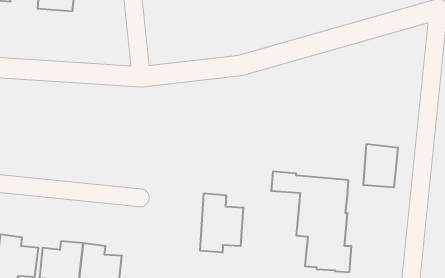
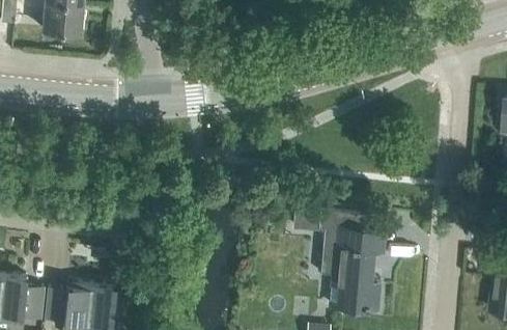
building: [363,144,398,187] -> none
building: [200,193,243,253] -> none

